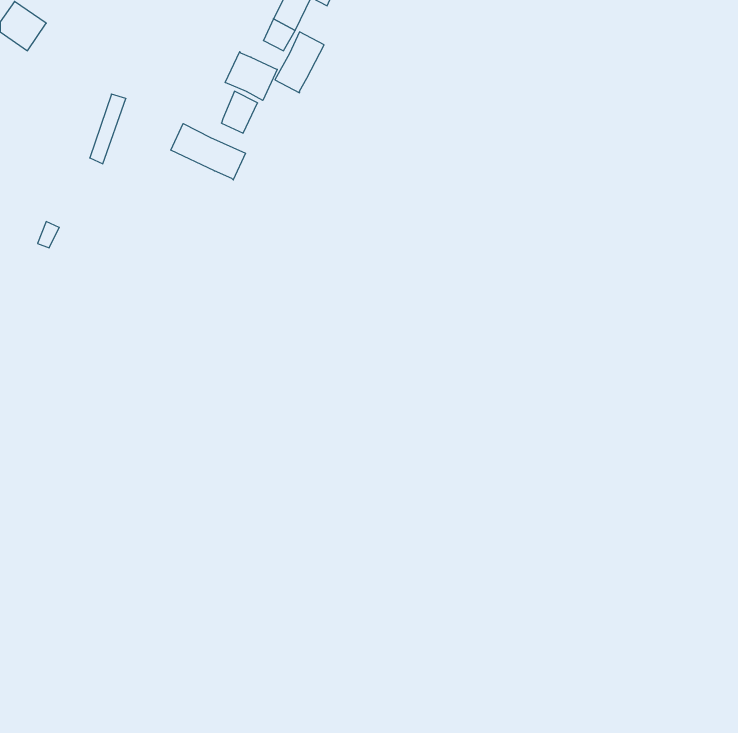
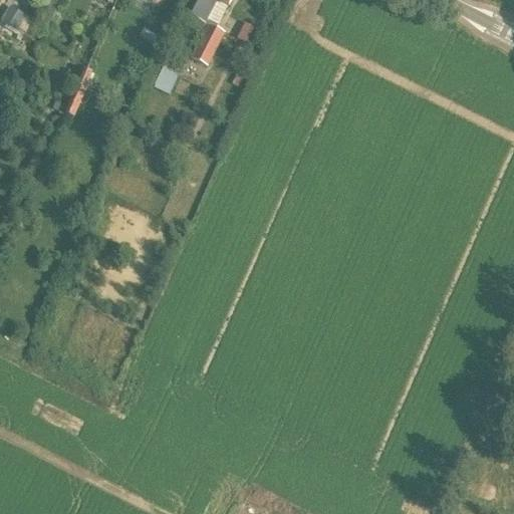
building: [225,52,277,100] -> none
building: [171,124,245,180] -> none

